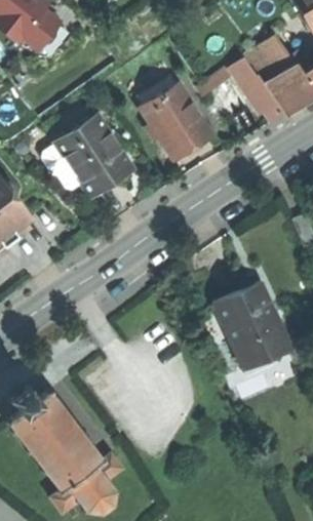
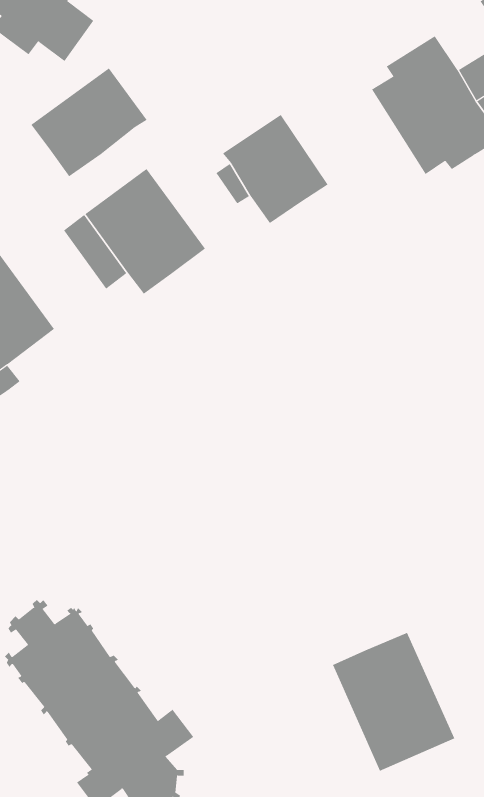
building: none -> [30,67,148,177]
building: [216,285,292,372] -> [332,632,455,771]

